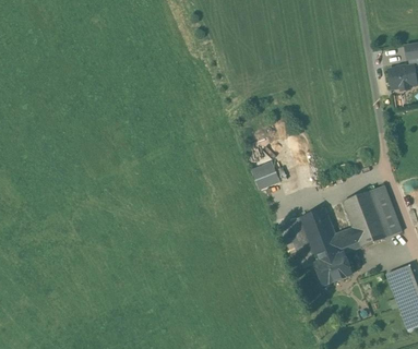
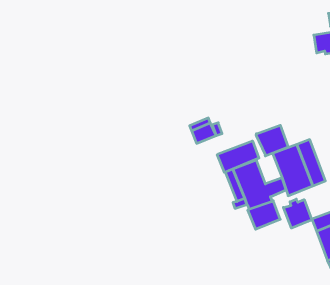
building: none -> [256,125,288,156]
building: none -> [217,141,259,172]
building: none -> [283,199,312,228]

